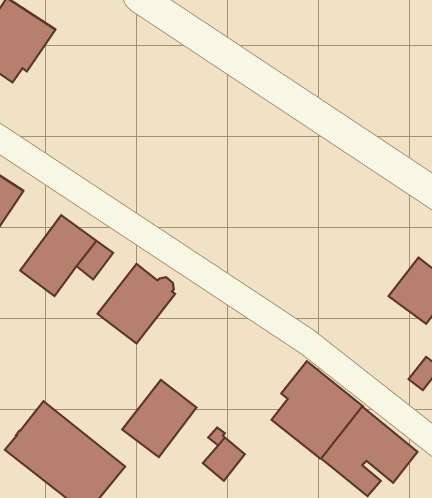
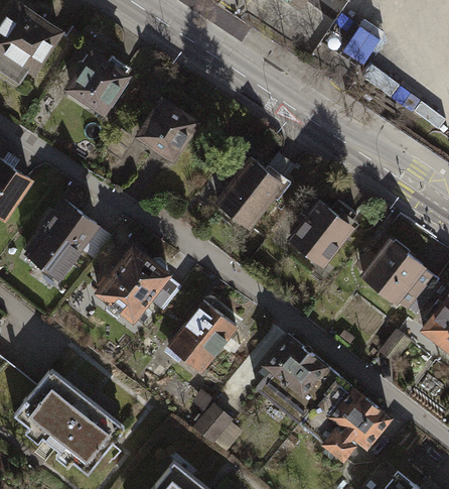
building: none -> [70,55,129,111]
building: none -> [140,102,195,157]
building: none -> [216,159,286,227]
building: none -> [291,202,356,263]
building: [122,380,196,457] -> [168,301,236,372]

